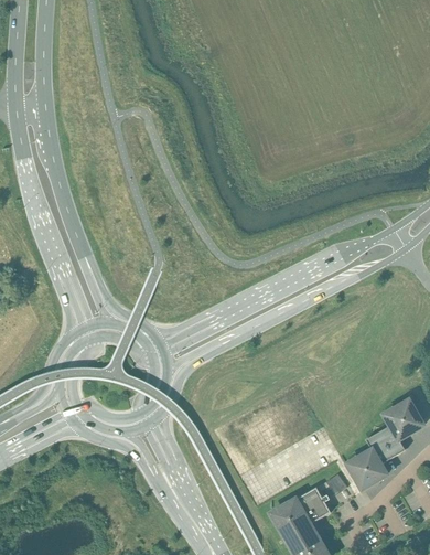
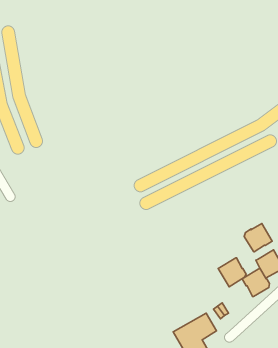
building: none -> [244,223,272,252]
building: [346,449,385,489] -> [218,258,246,287]

